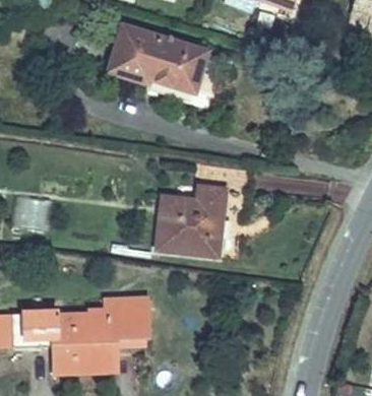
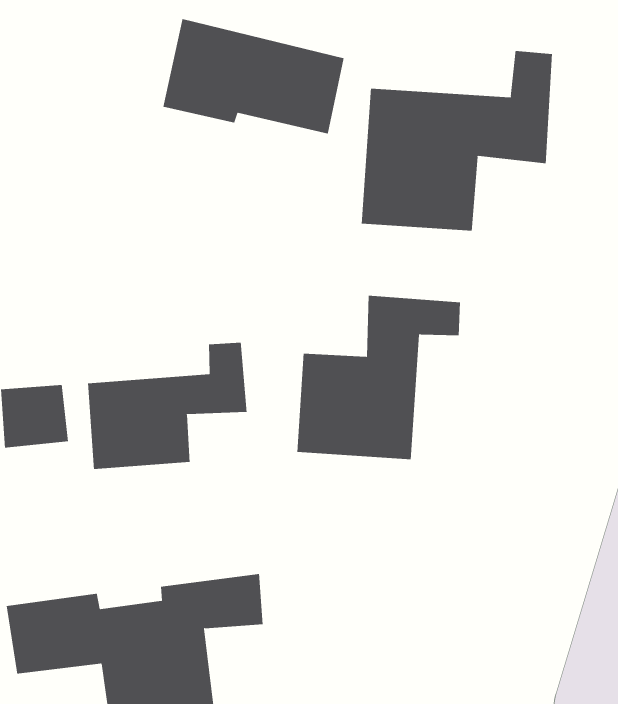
building: none -> [361,50,553,232]
building: none -> [87,342,247,470]

